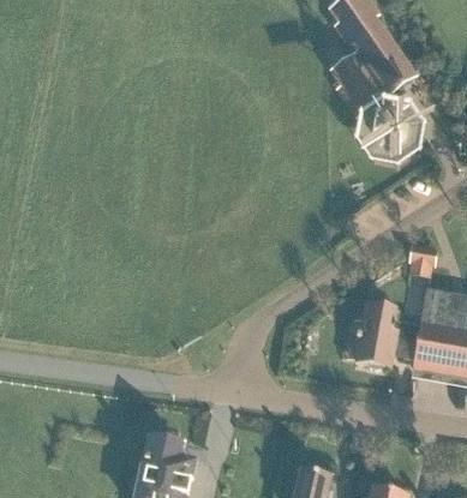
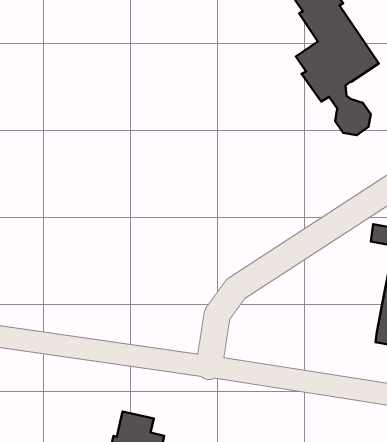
building: [347,304,420,367] -> none

